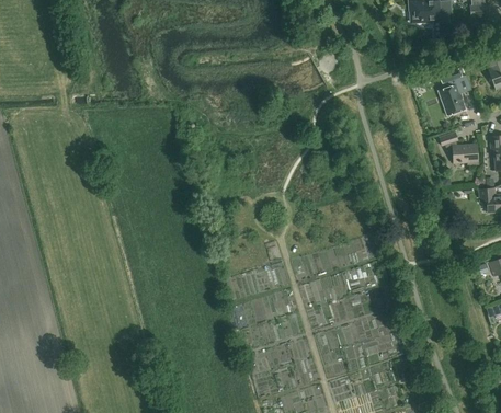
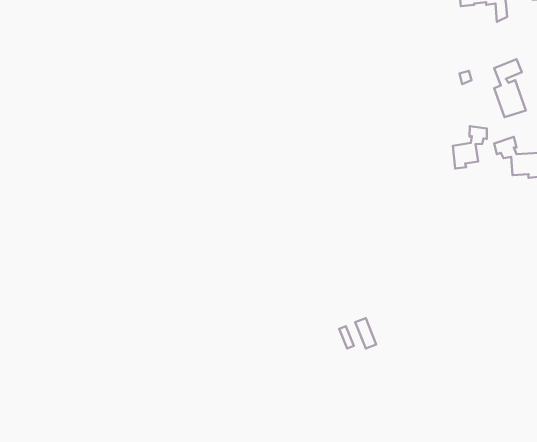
building: none -> [453,126,487,168]

